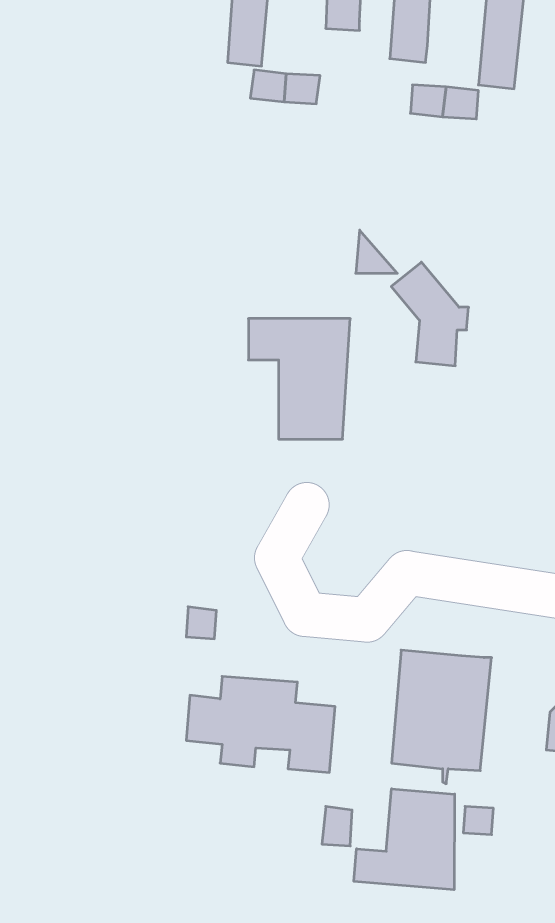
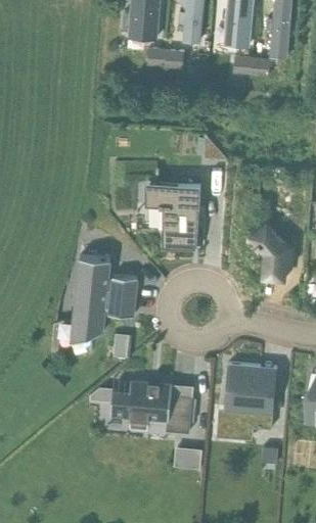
building: [391,262,469,366] -> [252,232,294,288]
building: none -> [70,257,137,344]
building: [354,789,455,890] -> none

